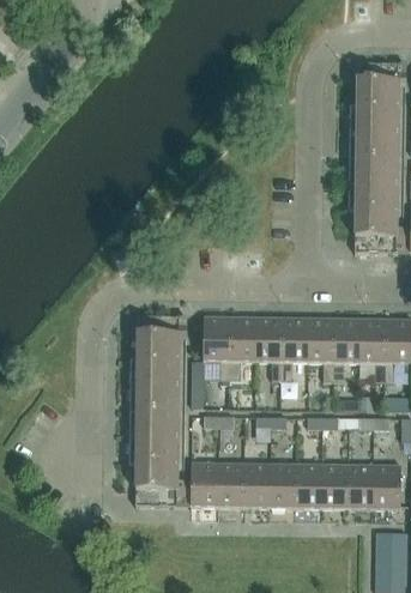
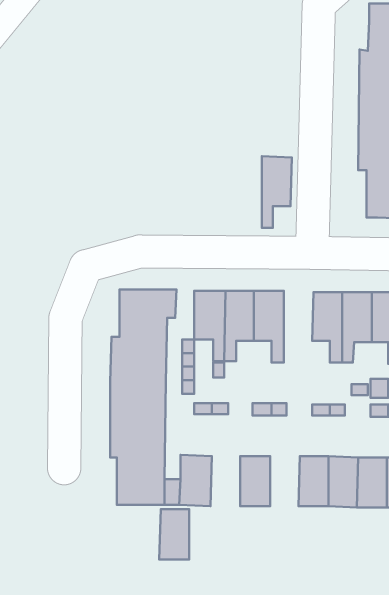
building: [283,317,309,381] -> [262,156,292,228]
building: [218,464,244,508] -> [159,509,189,559]
building: [271,464,297,508] -> none

